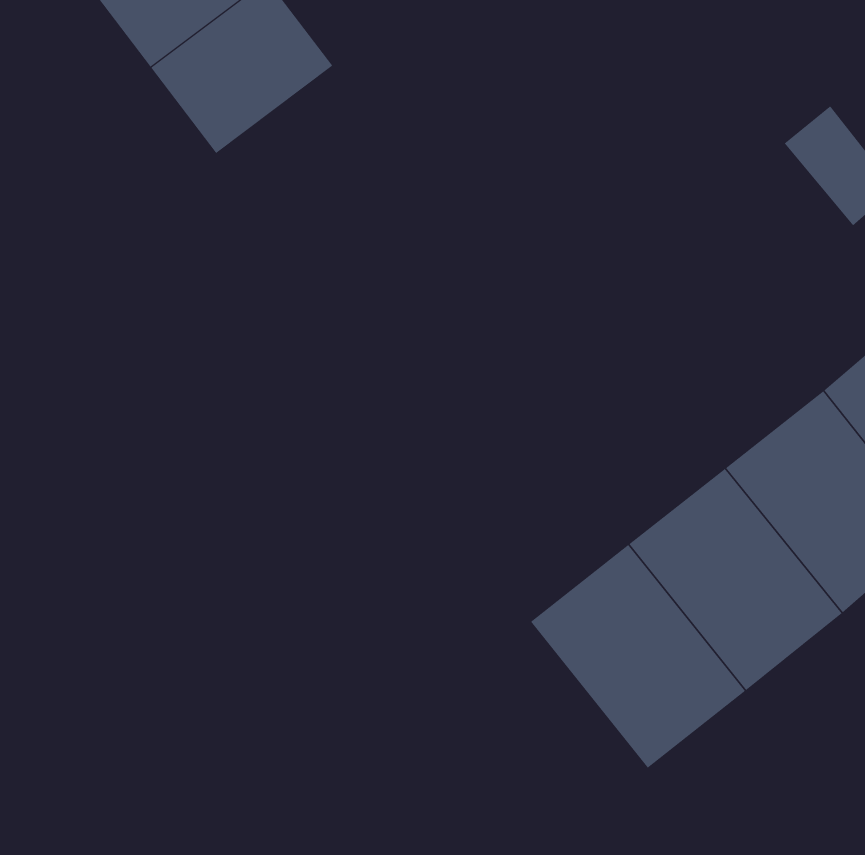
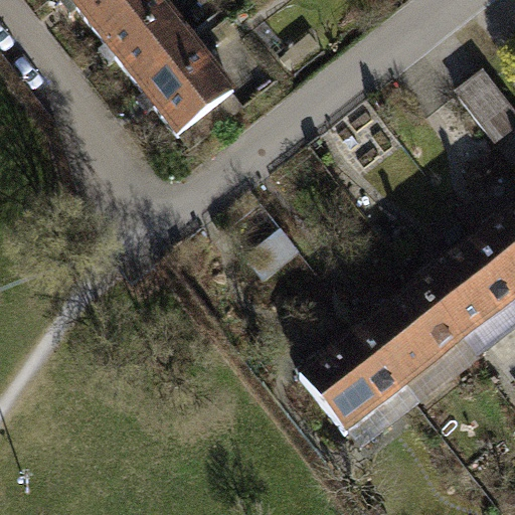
building: none -> [136,38,242,140]

